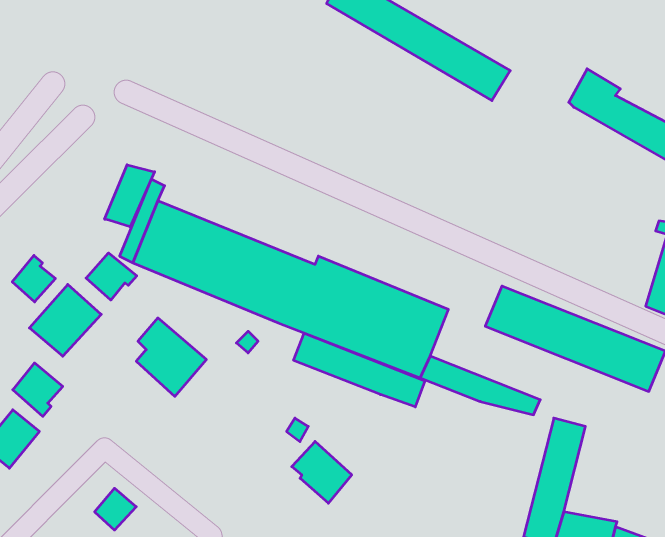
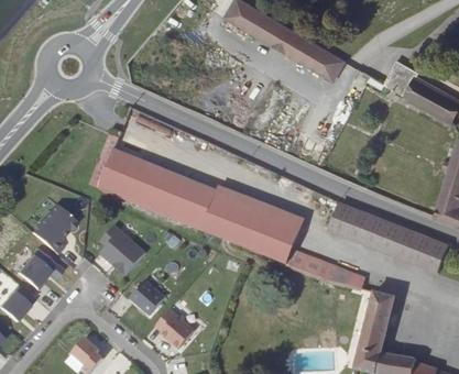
building: [105,165,155,227] -> none
building: [86,253,137,300] -> none
building: [12,255,55,302] -> none
building: [294,333,425,407] -> none
building: none -> [130,279,166,315]
building: [292,441,352,503] -> [155,308,195,349]

